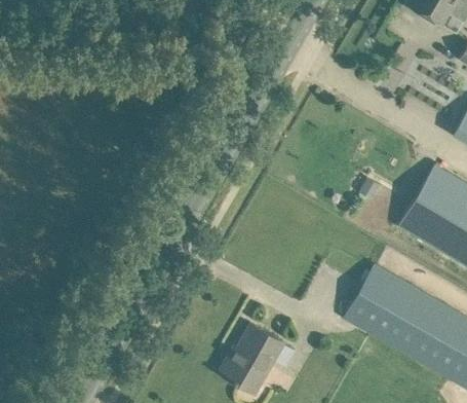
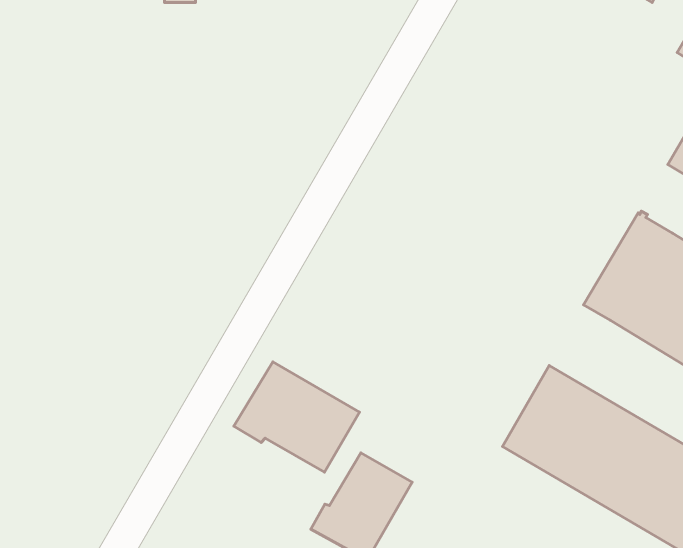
building: none -> [234,362,359,472]

